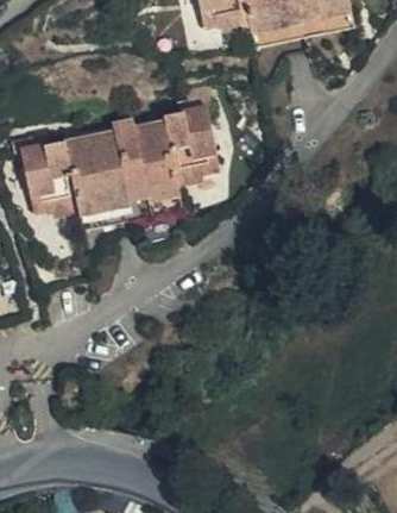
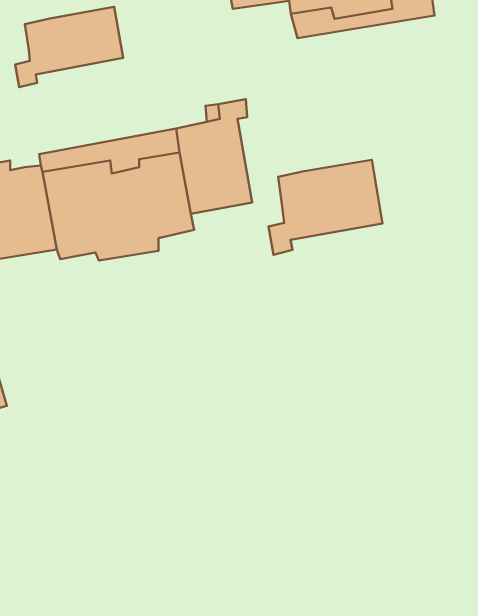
building: none -> [15,7,123,87]
building: none -> [268,160,382,255]

